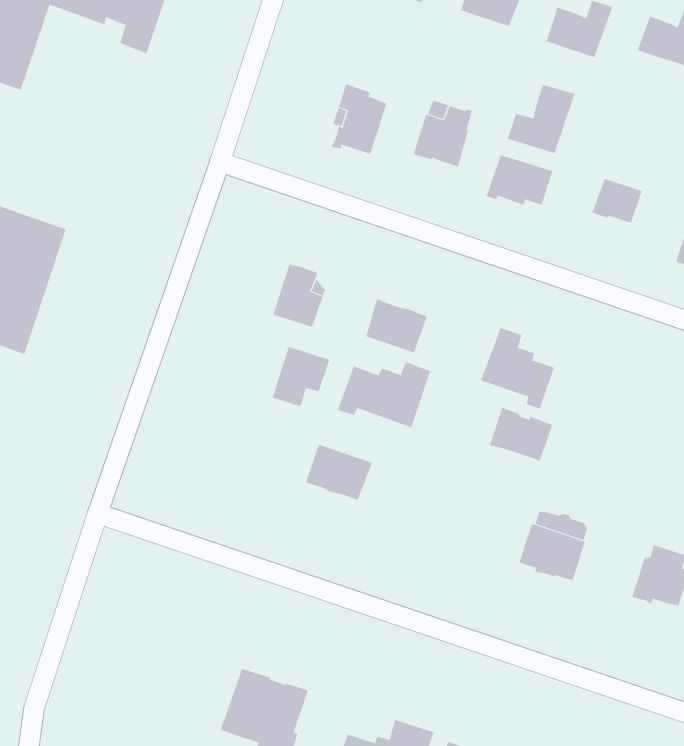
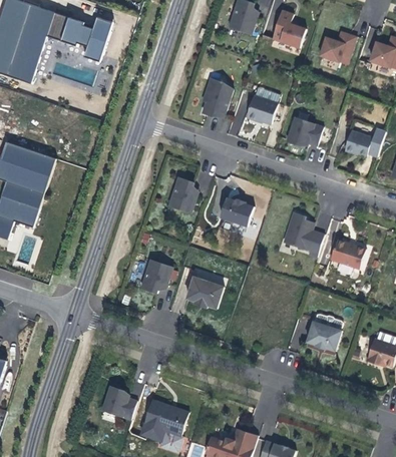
building: [507,84,575,154] -> none
building: [272,347,330,407] -> [140,260,172,293]
building: [337,361,431,428] -> none
building: [489,407,553,461] -> [330,239,365,269]
building: none -> [101,386,136,419]

